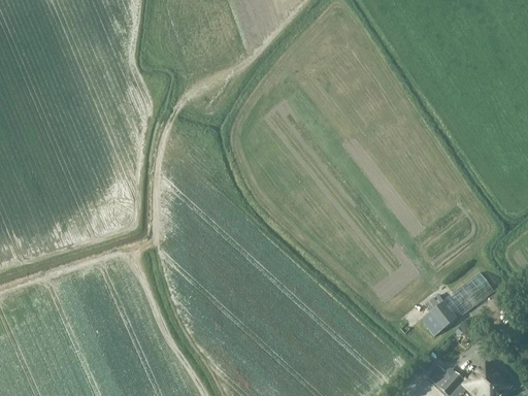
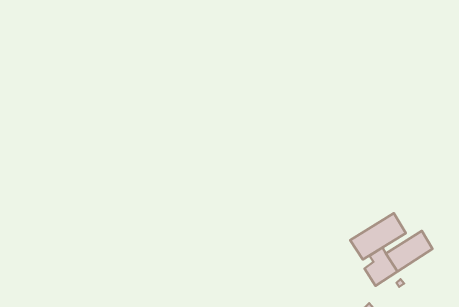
building: none -> [350,213,406,259]

